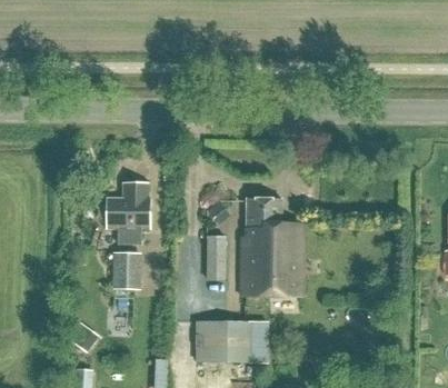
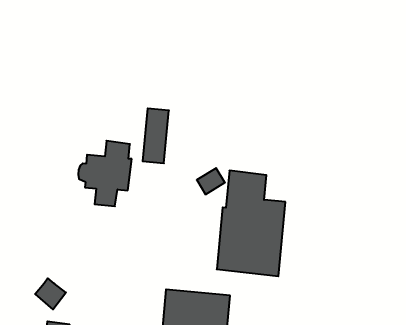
building: [205,237,226,289] -> [143,108,169,163]
building: [111,252,140,289] -> none

